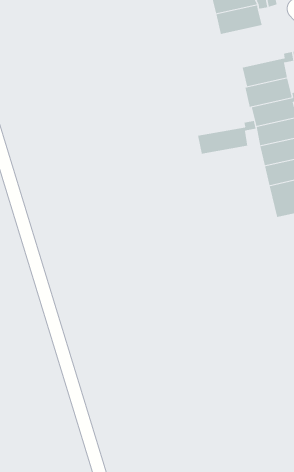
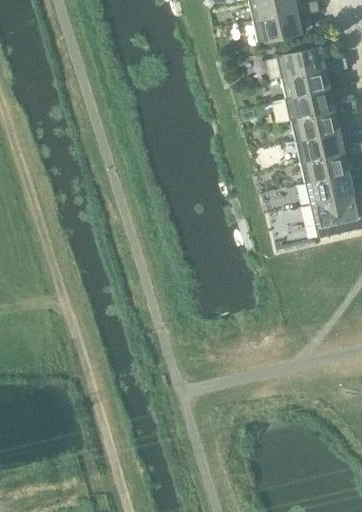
building: none -> [276,46,326,78]
building: [197,120,256,154] -> none

